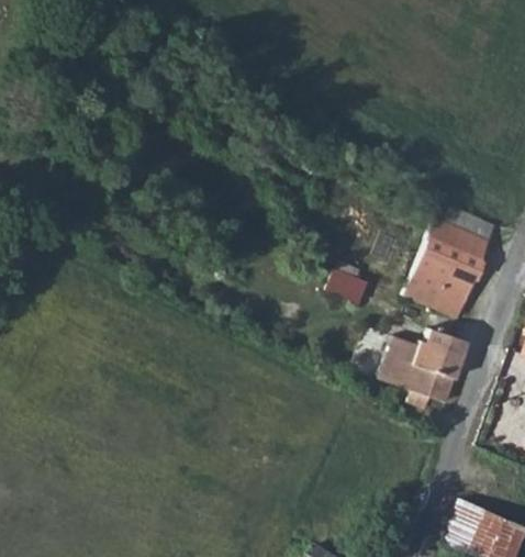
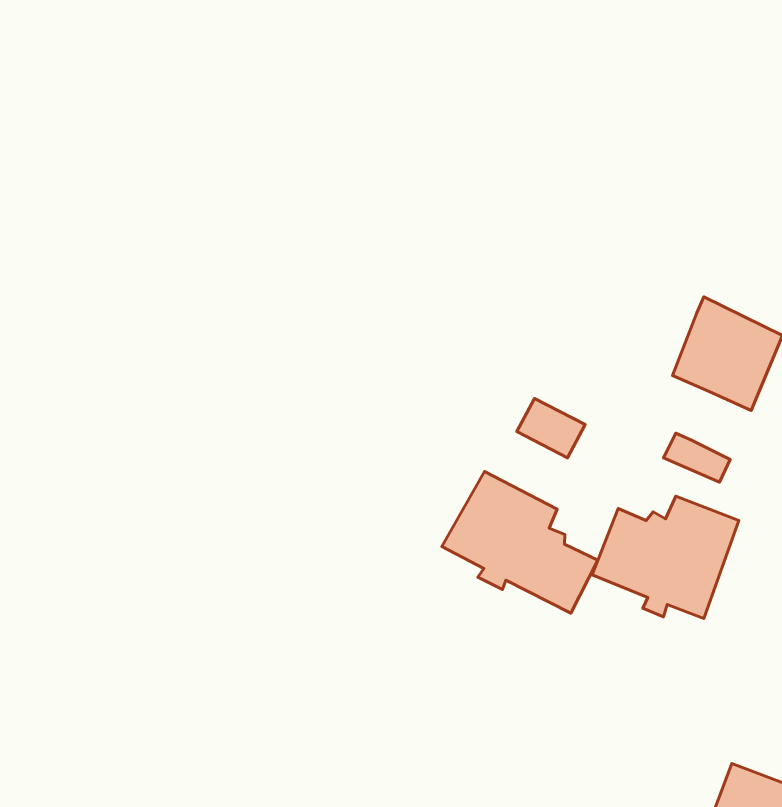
building: [436,264,473,307] -> none
building: none -> [442,471,598,613]

